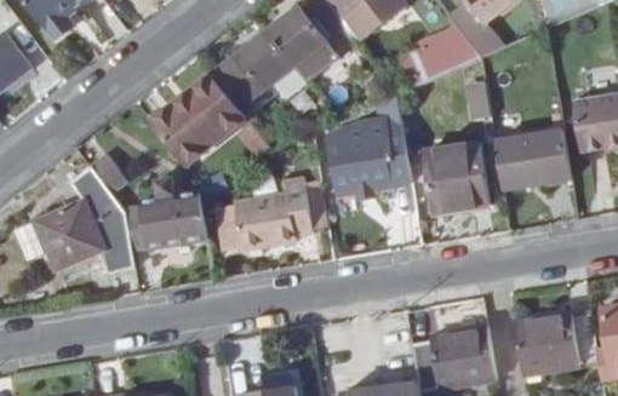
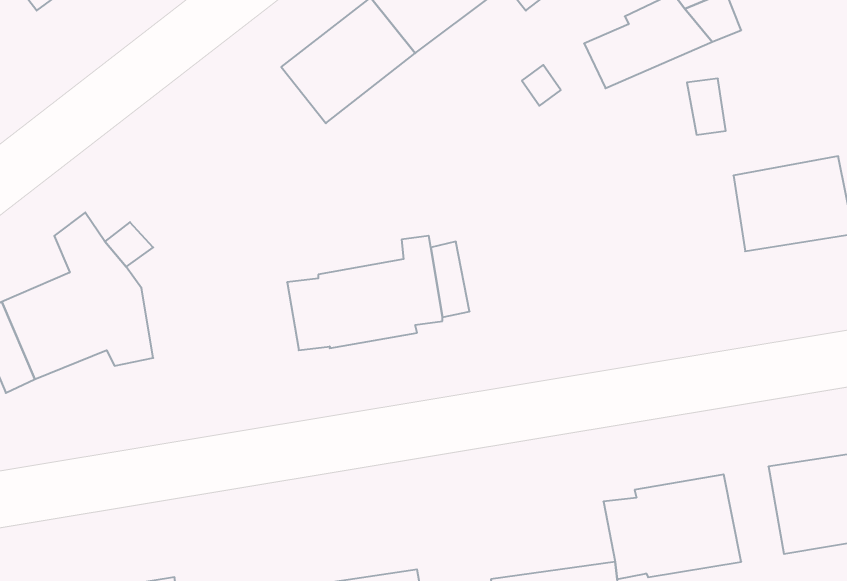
building: [154,74,269,166] -> none
building: [328,115,406,177] -> none
building: [422,143,487,213] -> none
building: [137,191,206,248] -> none

